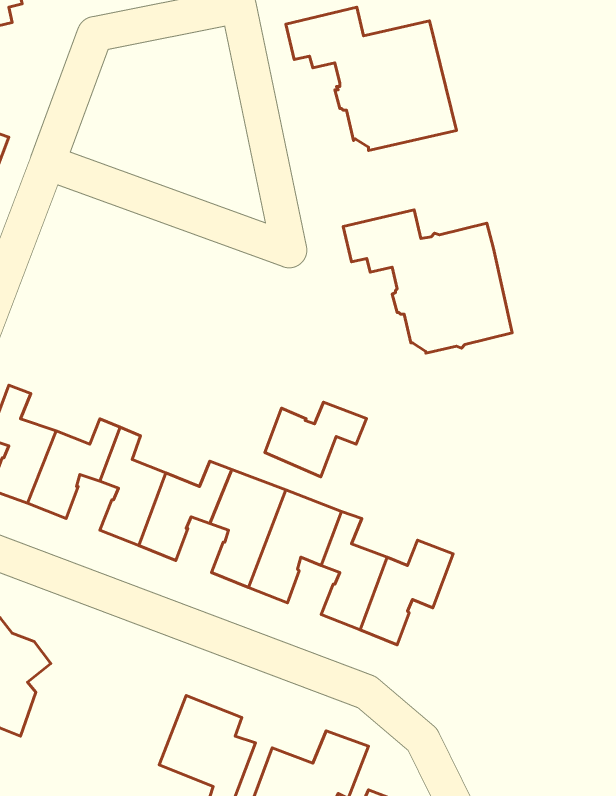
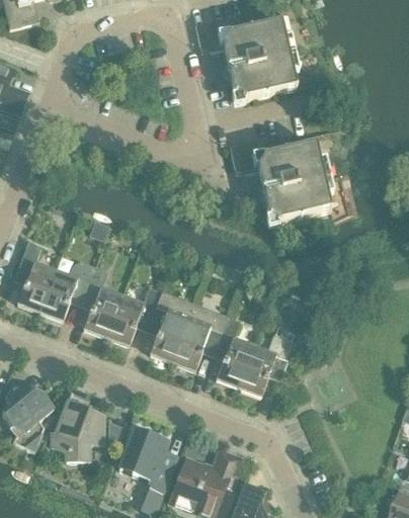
building: [265,402,366,477] -> none
building: none -> [51,392,103,461]

